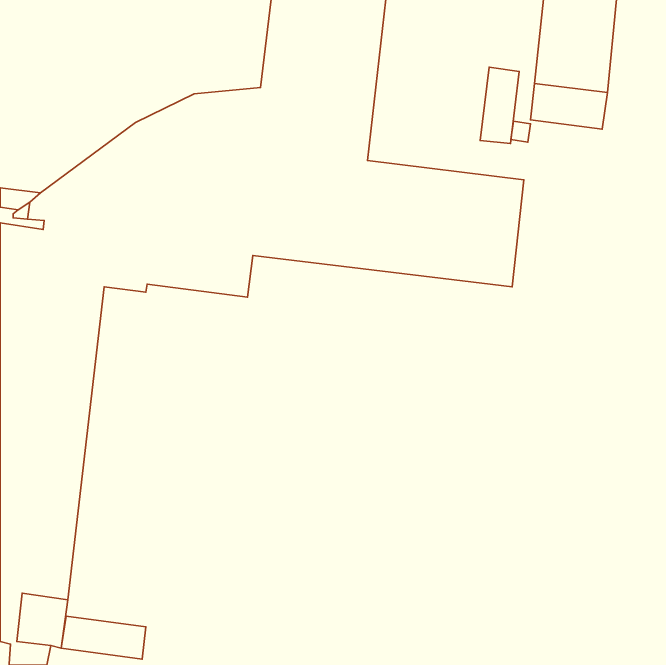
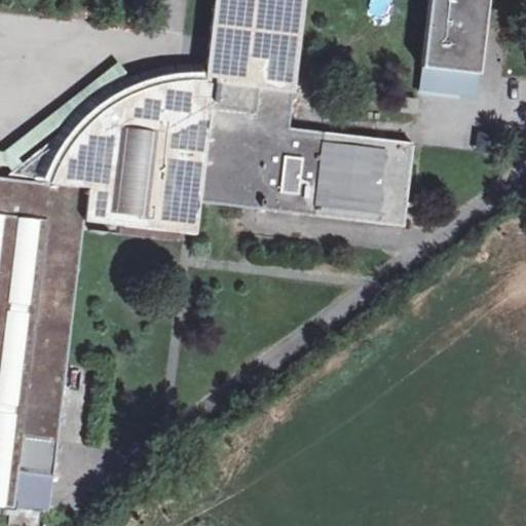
building: [480,67,519,144] -> none
building: [61,616,146,659] -> none

